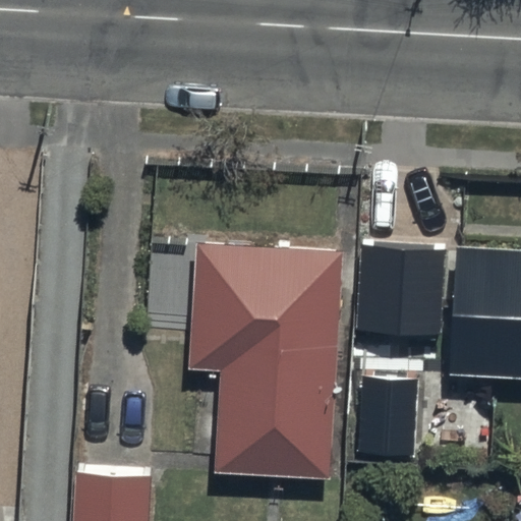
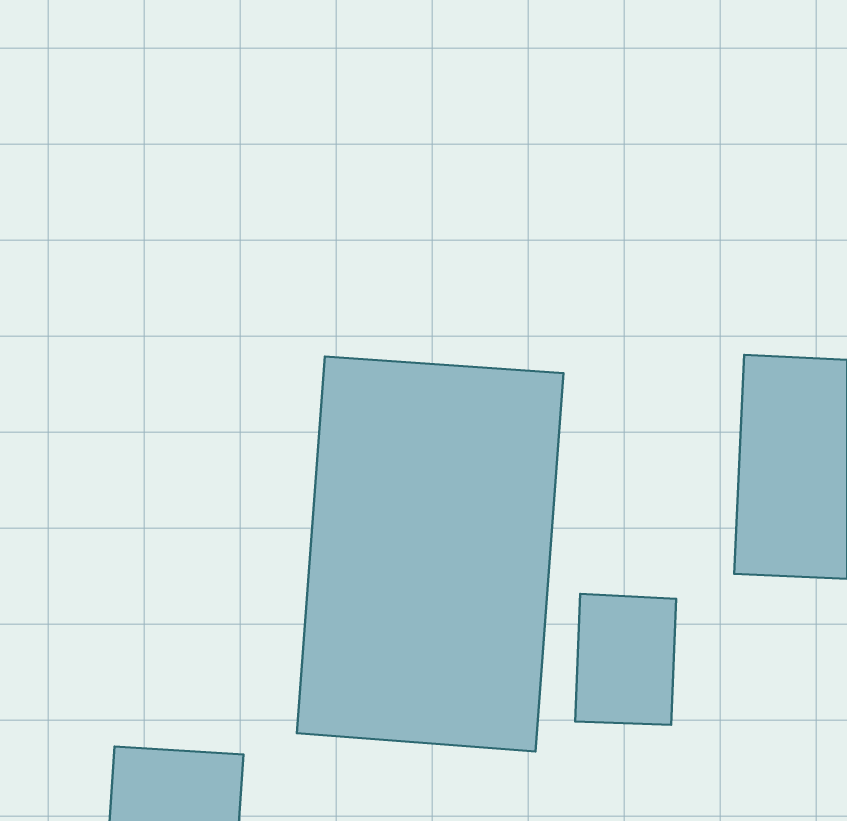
building: [352,249,448,343] -> none

